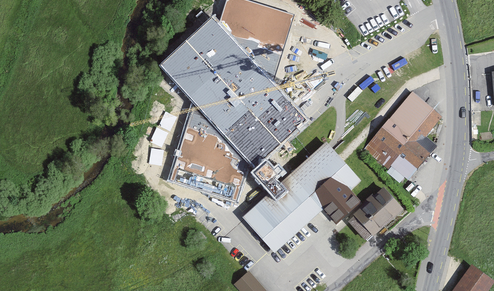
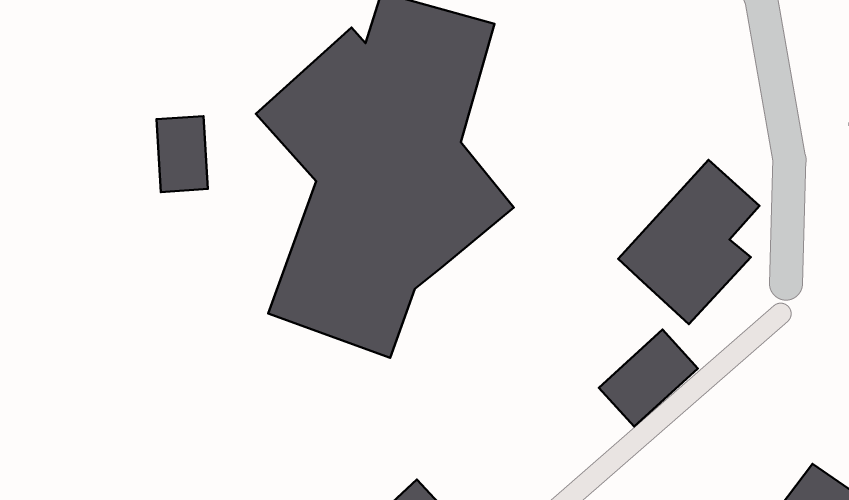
building: none -> [156,116,208,192]
building: [243,142,363,252] -> none

